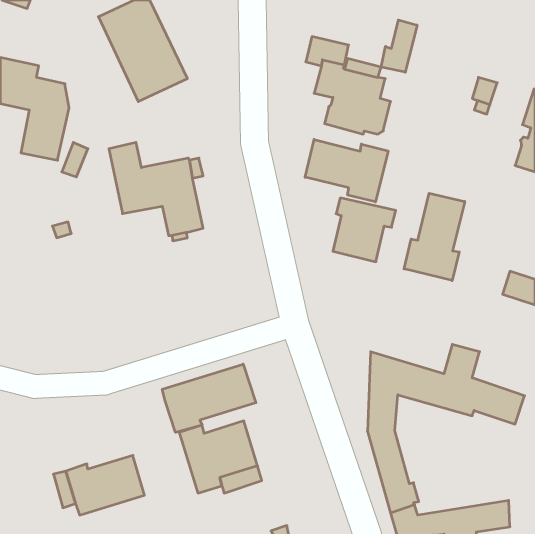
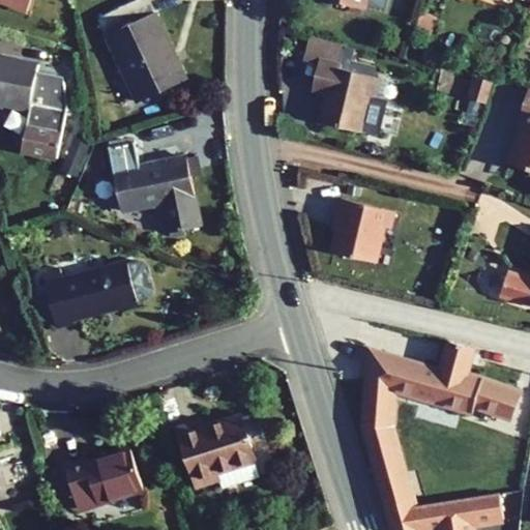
building: [381,20,417,72] -> none
building: [305,139,388,202] -> none
building: [404,193,465,281] -> none
building: none -> [42,263,153,327]
building: [162,364,256,432] -> none

